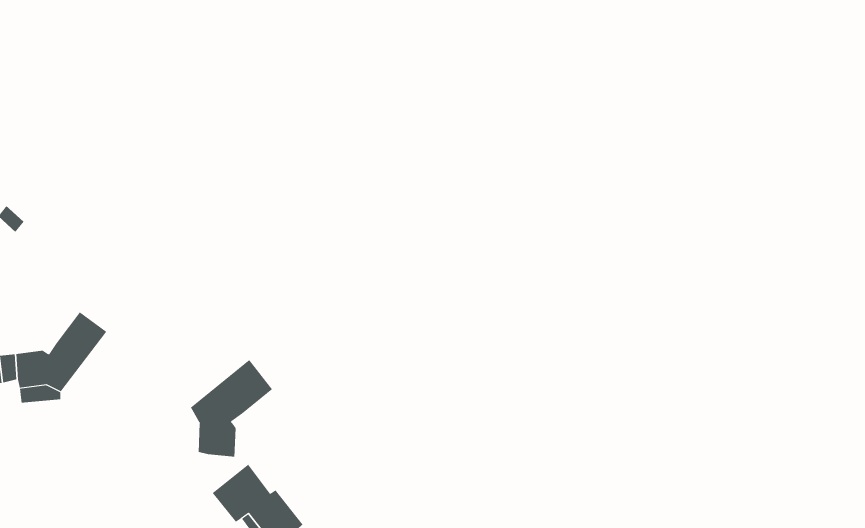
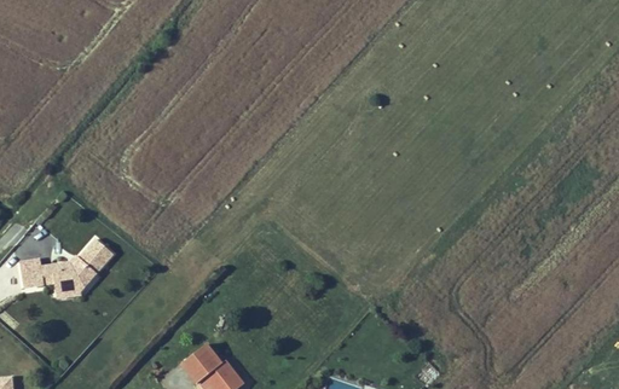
building: [190,359,273,457] -> none

